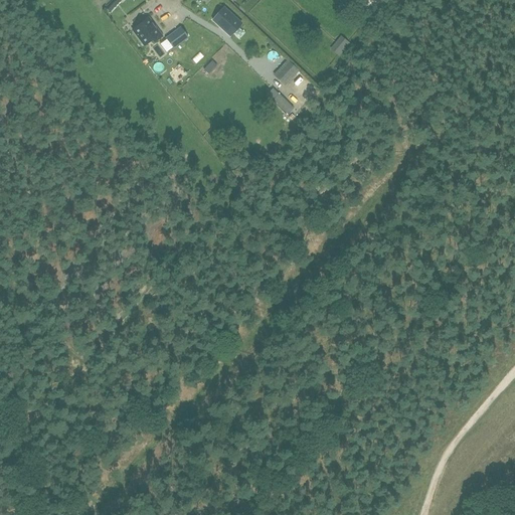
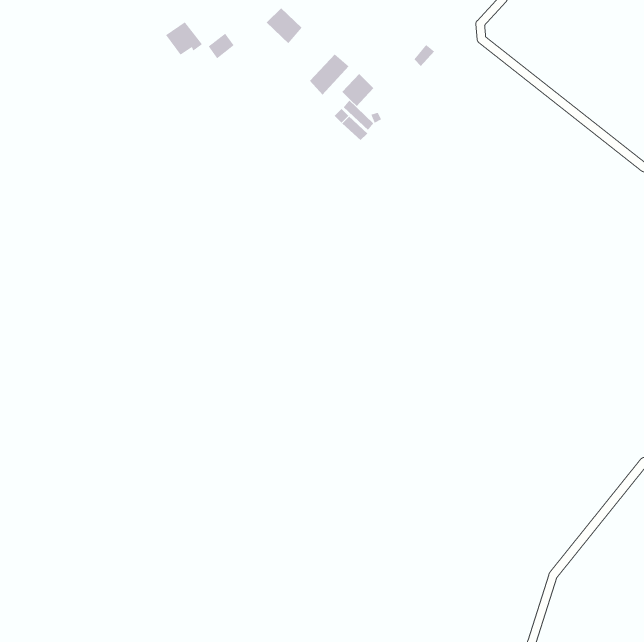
building: none -> [309,54,350,95]

